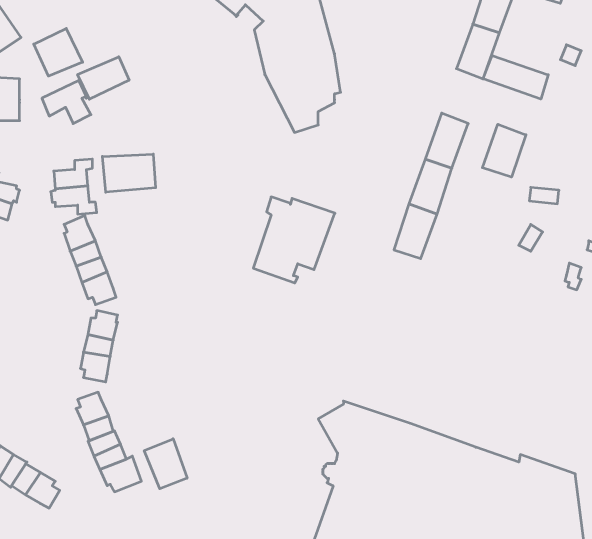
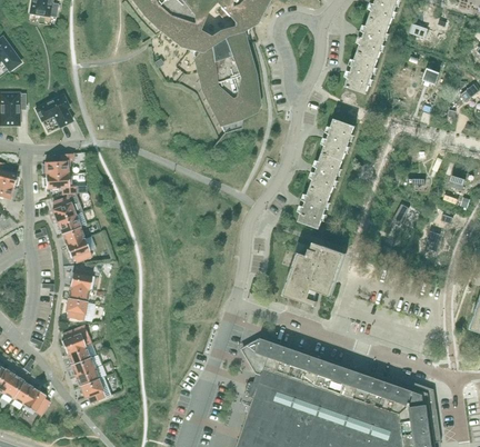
building: [34,28,83,76] -> none
building: [483,55,548,99] -> none
building: [78,57,129,99] -> none
building: [482,124,526,177] -> none
building: [102,154,156,192] -> none
building: [253,197,335,283] -> [283,241,344,306]
building: [144,439,187,489] -> none

